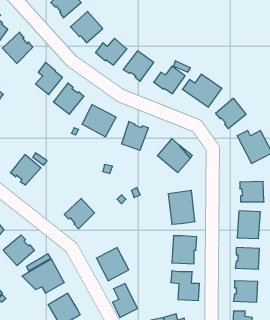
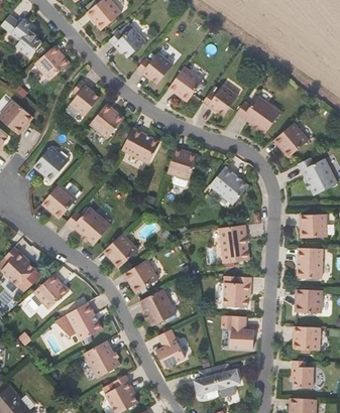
building: none -> [34,146,69,181]
building: none -> [66,206,110,245]
building: none -> [122,261,156,294]

